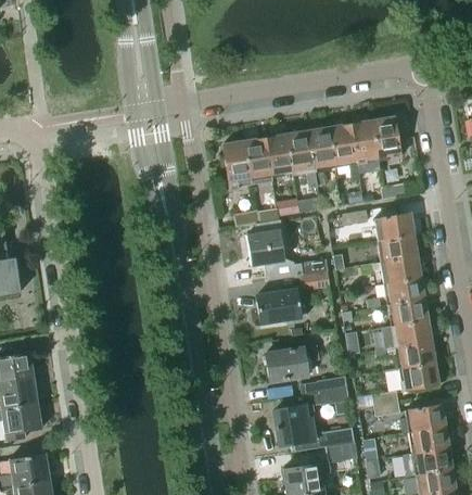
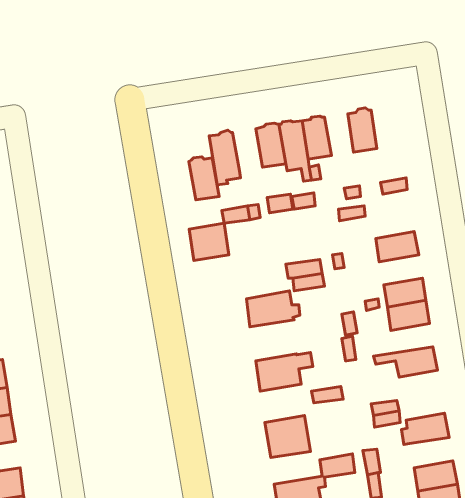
building: [372,116,400,157] -> none
building: [329,123,356,163] -> none
building: [243,137,271,177] -> [189,157,219,200]
building: [373,213,412,240] -> none
building: [246,230,283,265] -> [189,223,229,261]
building: [360,255,420,283] -> none
building: [373,319,430,350] -> none
building: [398,363,437,390] -> none
building: [408,426,448,454] -> none

